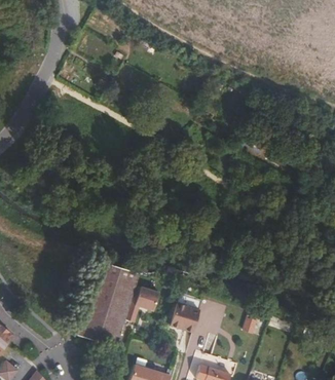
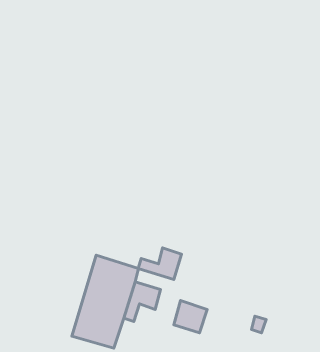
building: none -> [138,248,182,279]

